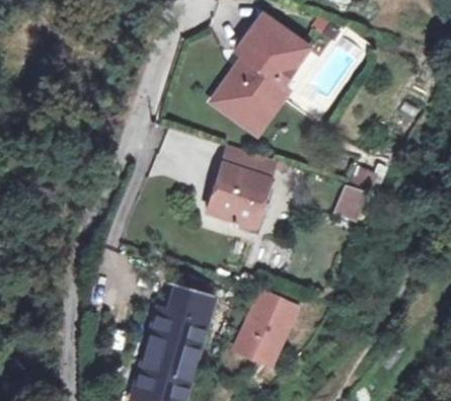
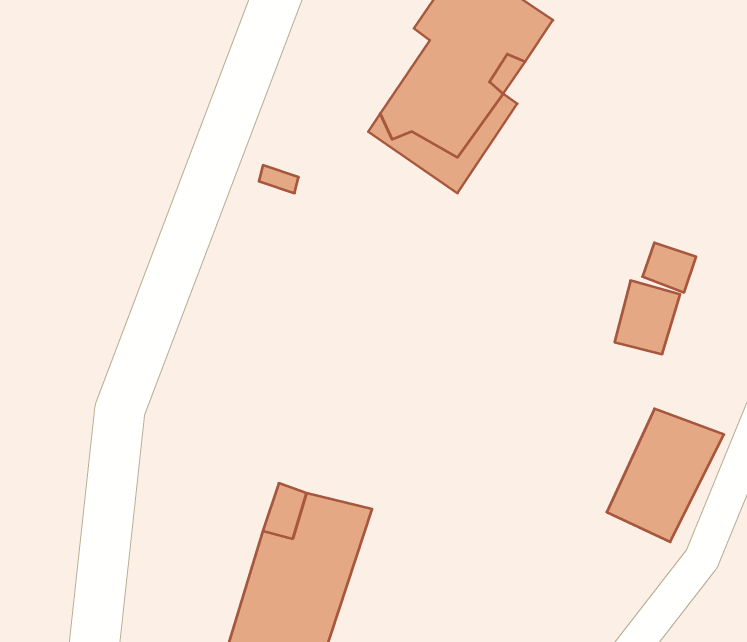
building: [212,148,277,231] -> none
building: [236,291,296,358] -> [607,409,724,542]

